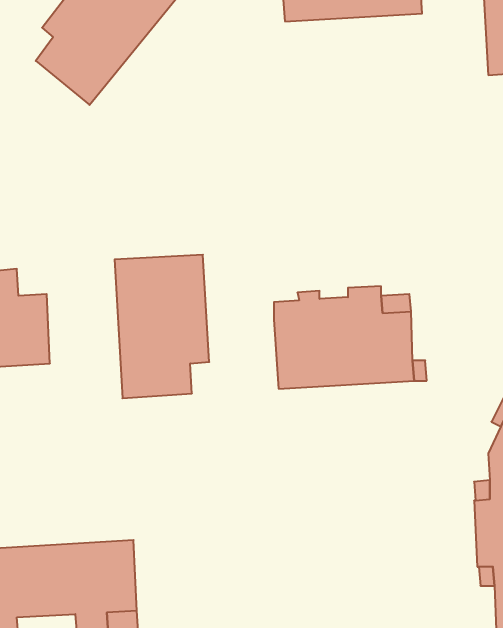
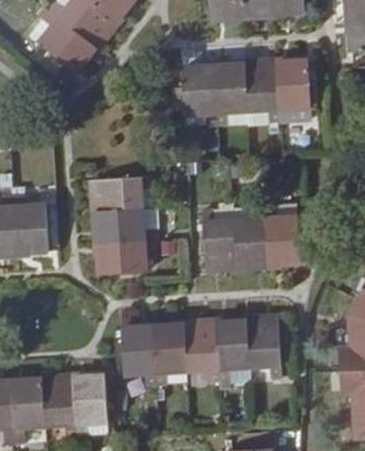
building: none -> [182,59,313,129]
building: none -> [122,318,282,387]

